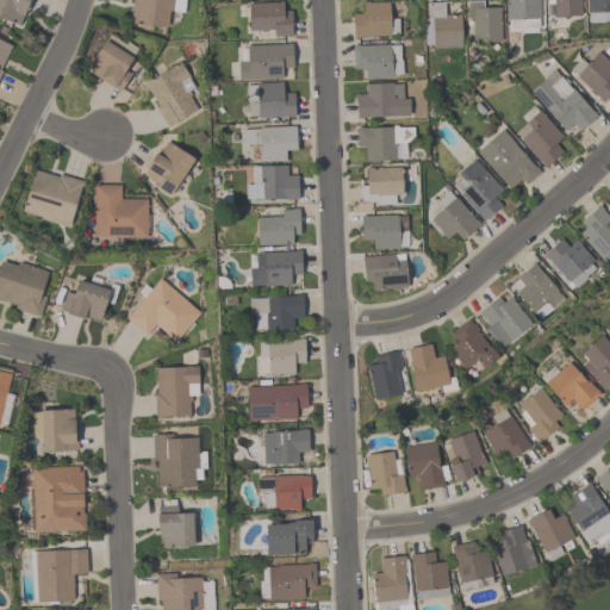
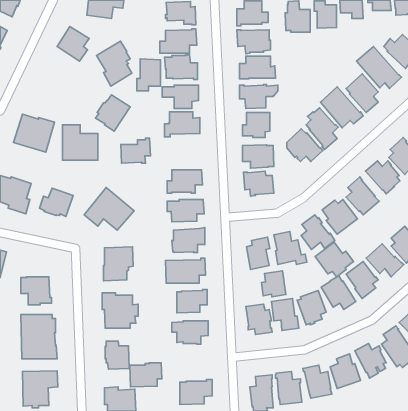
building: none -> [137,59,160,91]
building: [259,207,303,244] -> [121,138,150,163]
building: none -> [315,242,354,277]
building: none -> [261,271,286,297]
building: [267,519,315,555] -> [130,363,162,387]

